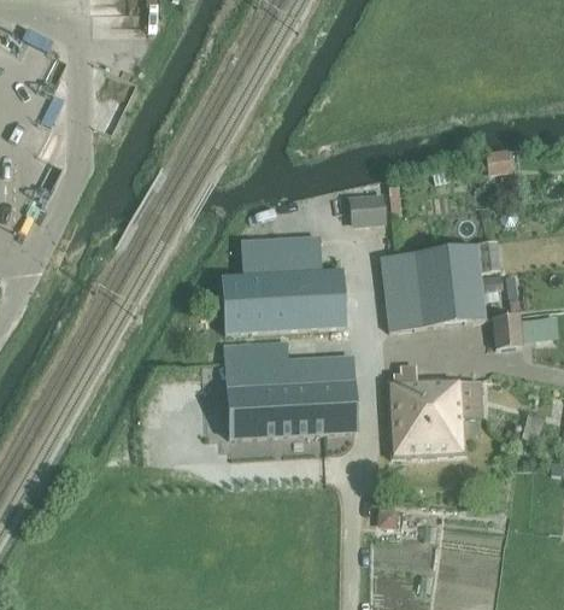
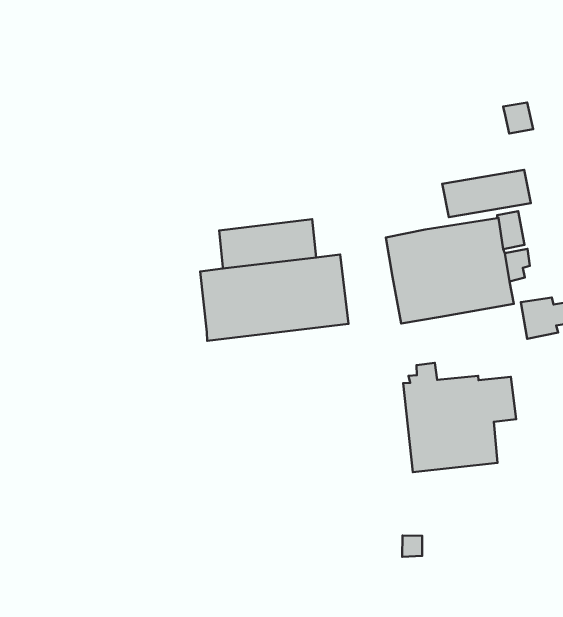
building: [347,194,386,228] -> none
building: none -> [442,170,531,217]
building: [227,340,356,438] -> none

